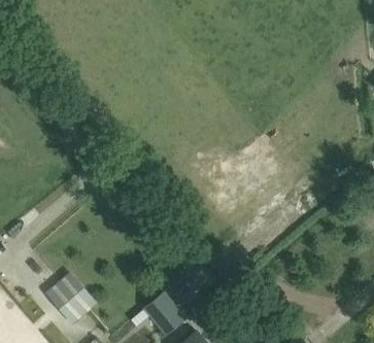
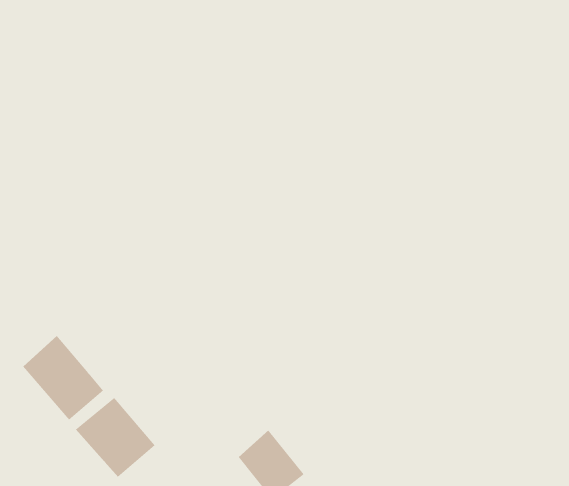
building: none -> [23,335,104,420]

